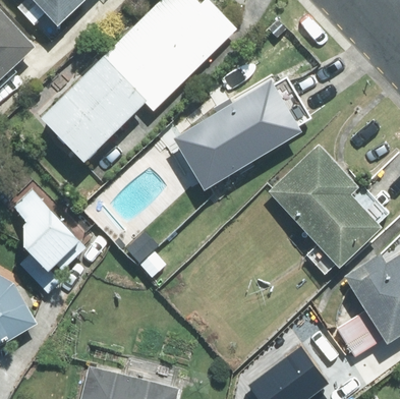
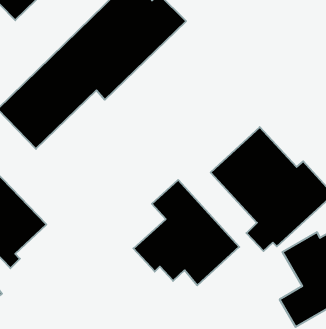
building: [171,78,309,190] -> none
building: none -> [133,180,239,285]

